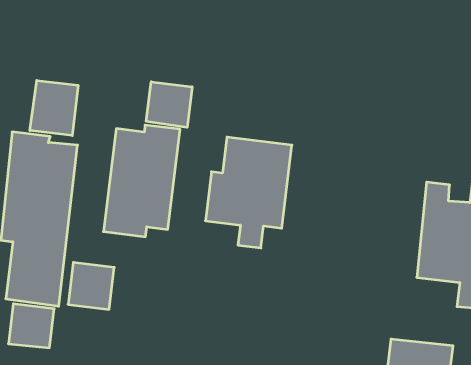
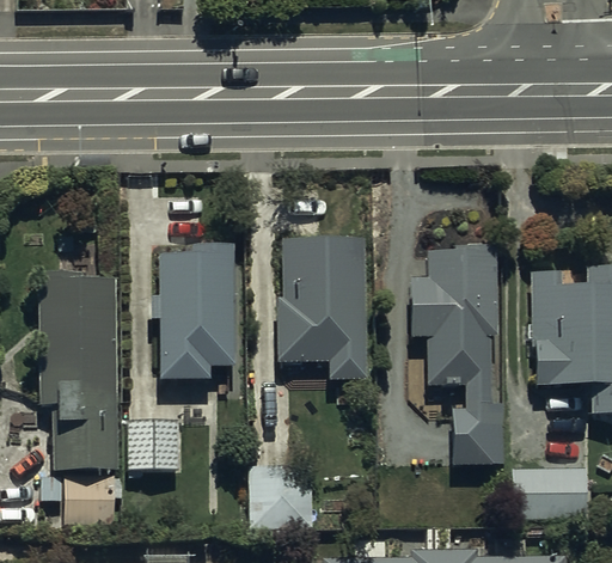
building: [30,80,78,136] -> none
building: [146,82,192,127] -> none
building: none -> [410,247,504,464]

